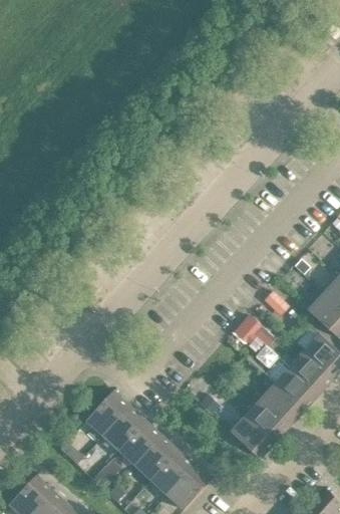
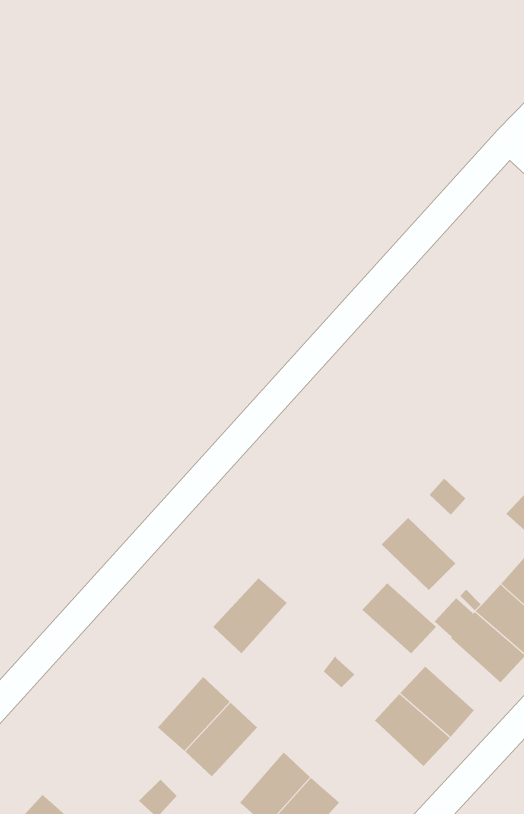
building: [260,383,304,426] -> [362,582,437,654]
building: [85,391,129,436] -> [212,577,288,654]
building: [134,436,177,480] -> none

